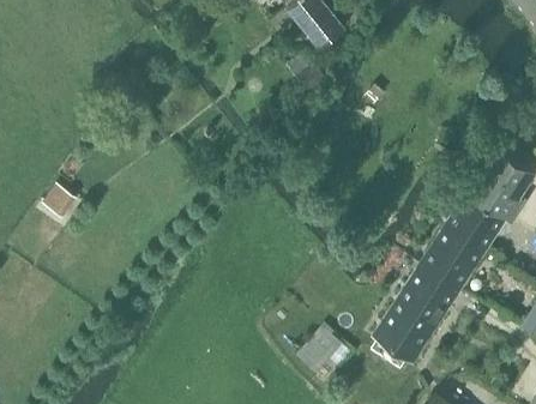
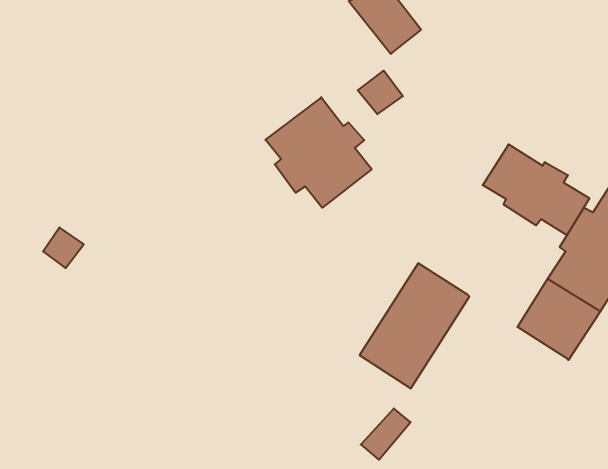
building: none -> [265,97,372,208]
building: none -> [483,144,589,235]
building: [374,263,462,362] -> [360,263,469,388]

